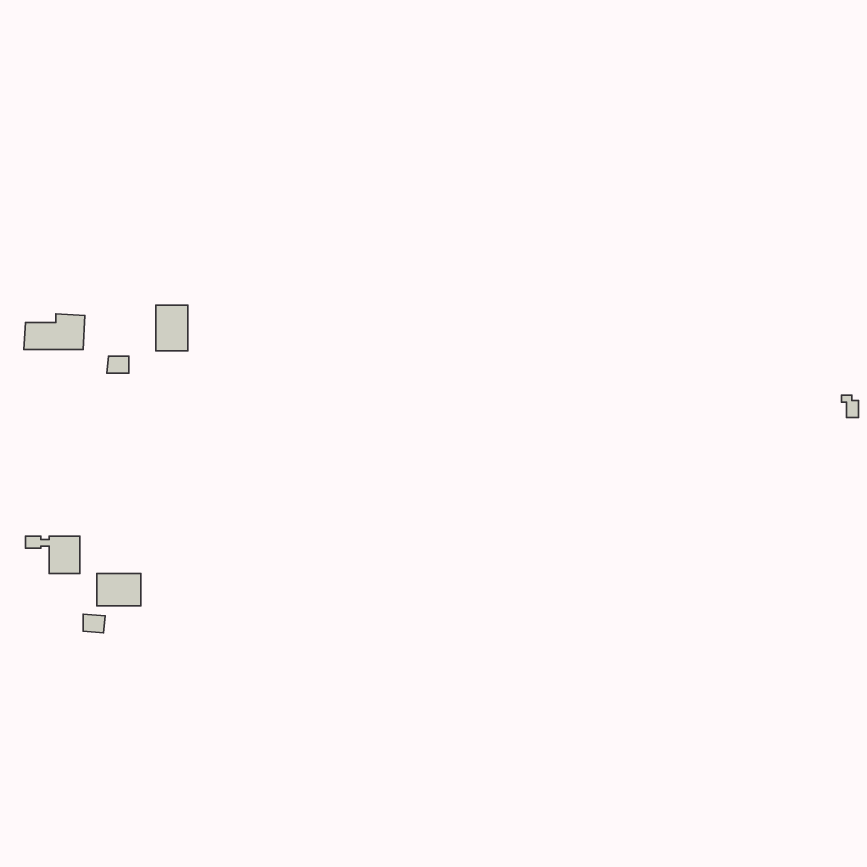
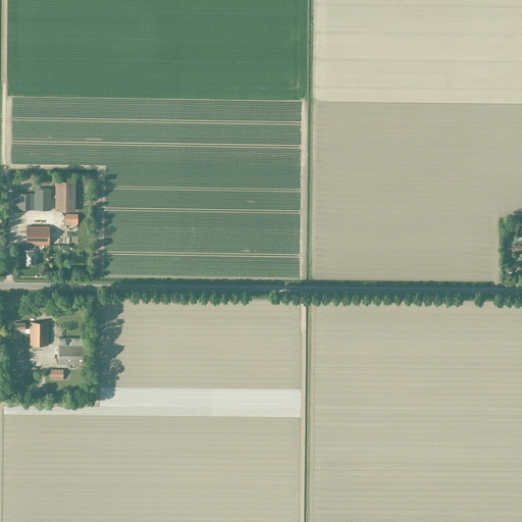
building: [156,305,188,351] -> [55,182,74,210]
building: none -> [25,227,49,265]

